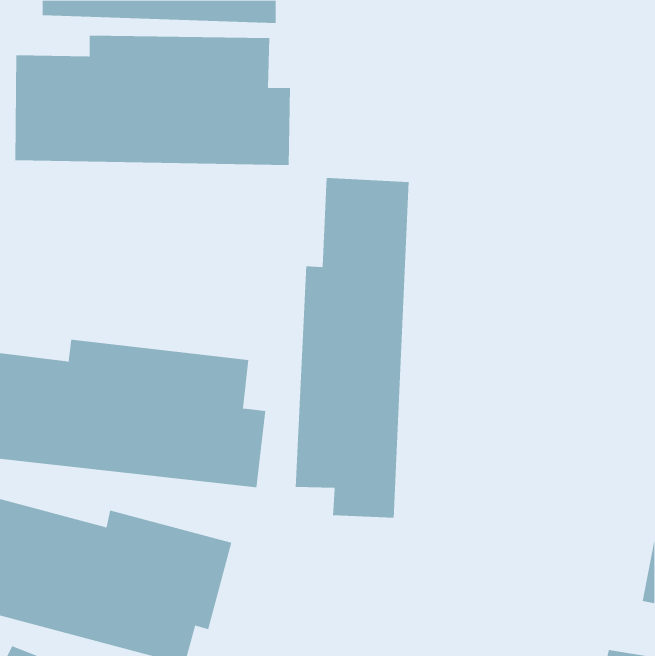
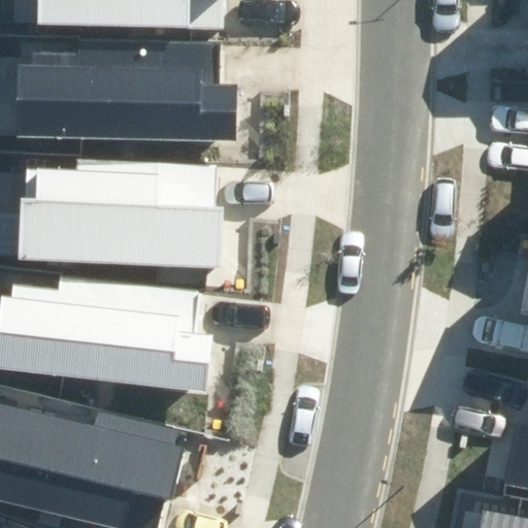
building: [295,177,409,519] -> none
building: none -> [18,156,221,268]

